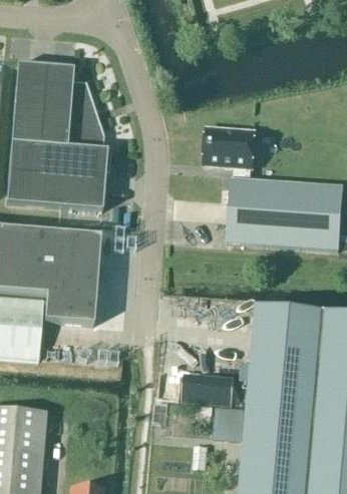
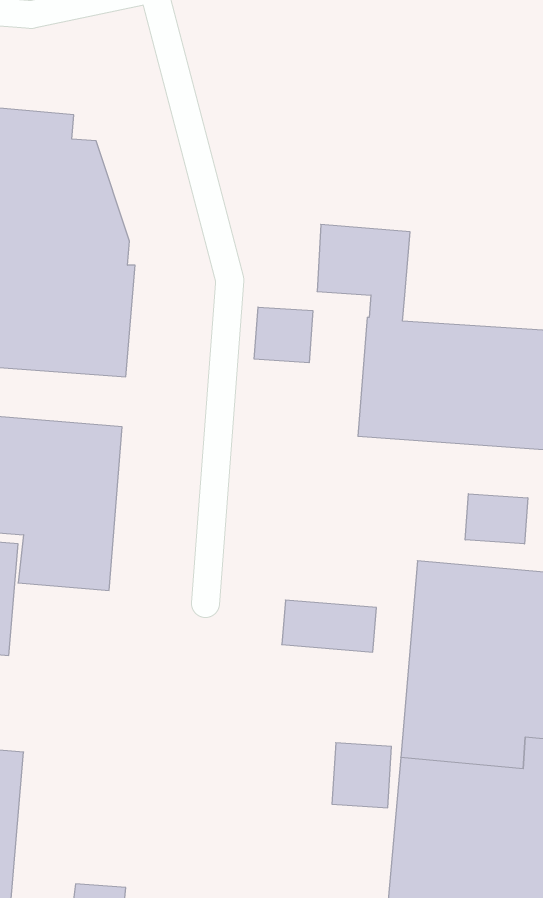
building: none -> [254,307,313,363]
building: none -> [465,494,528,544]
building: [183,376,234,404] -> [282,600,376,652]

